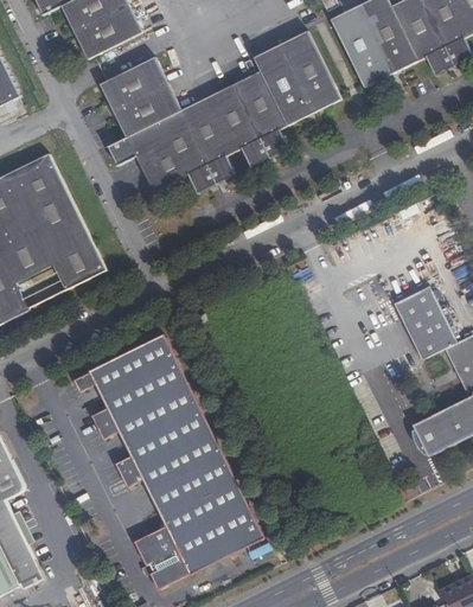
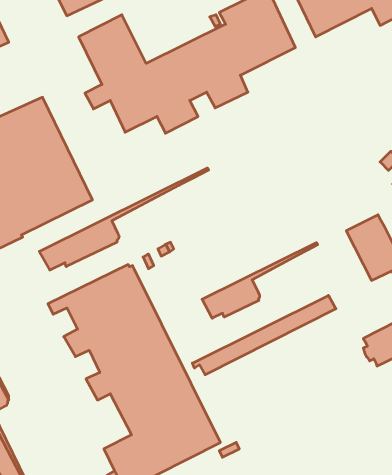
building: none -> [39,168,209,270]
building: none -> [202,243,318,318]
building: none -> [192,295,336,375]

